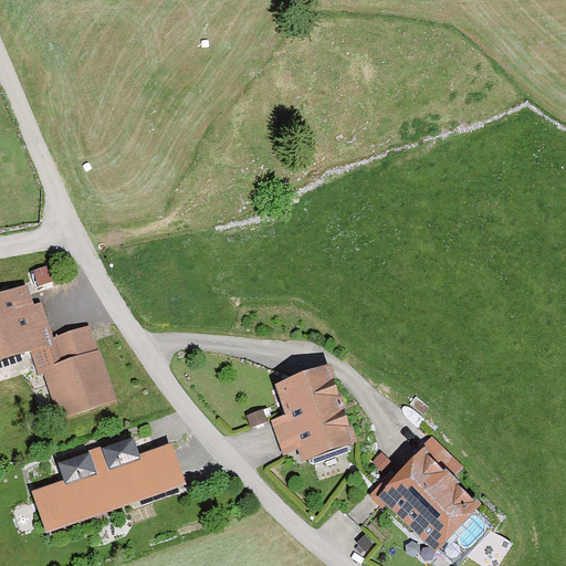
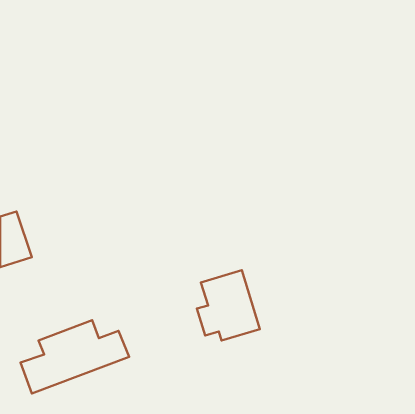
building: [42,325,115,416] -> none
building: [377,450,478,549] -> none

